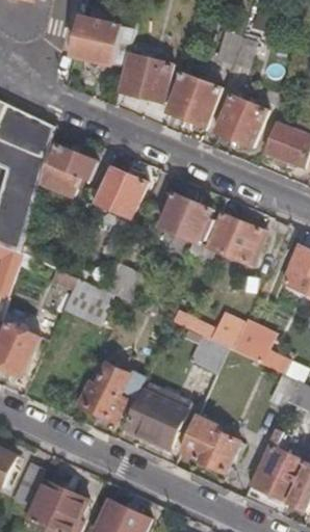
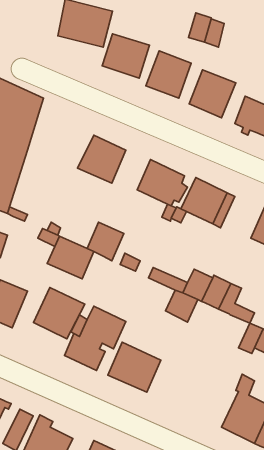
building: [37,141,94,196] -> none
building: none -> [33,288,85,339]
building: [178,415,238,474] -> none

